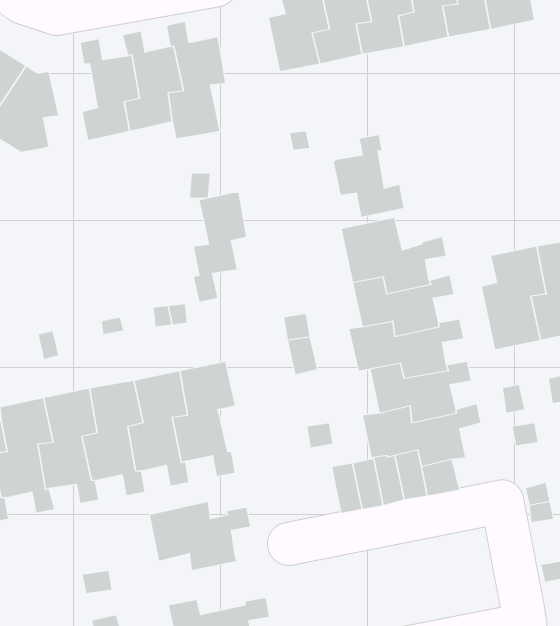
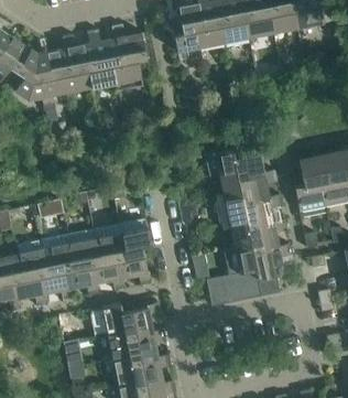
building: [333,134,404,217] -> none
building: [193,193,247,302] -> [41,49,72,111]
building: none -> [107,330,165,365]

